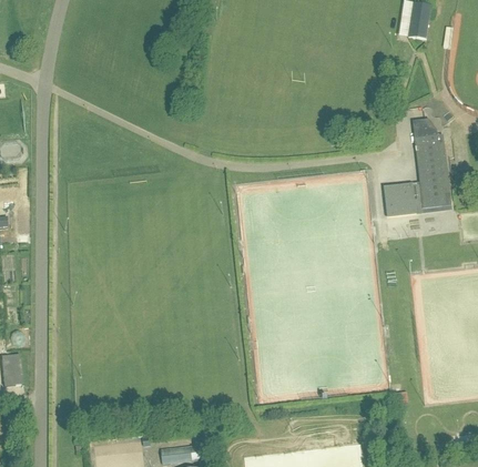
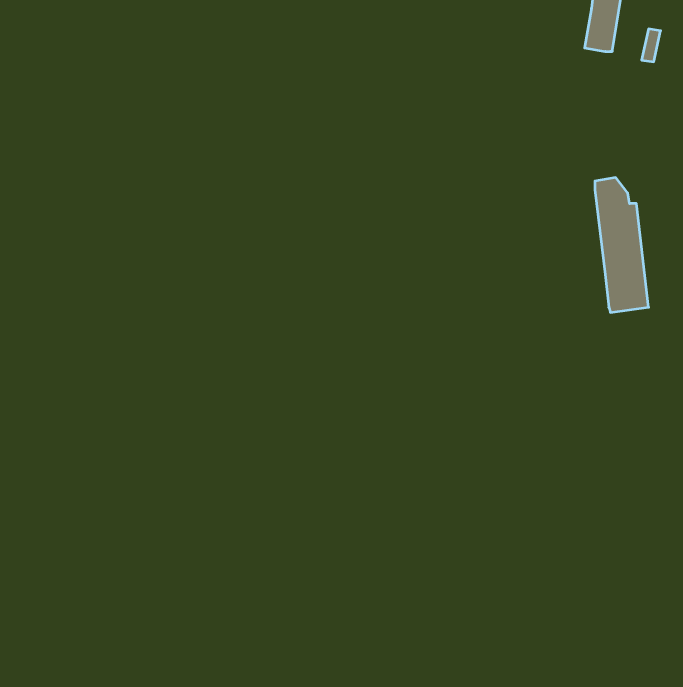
building: [385,181,423,214] -> none

